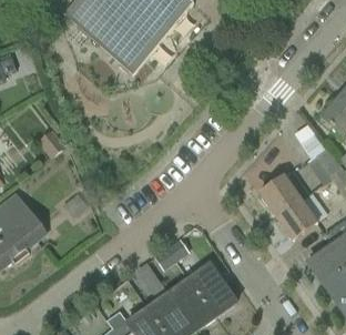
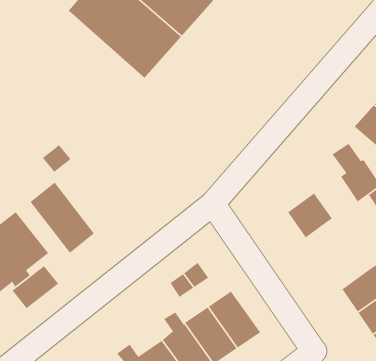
building: none -> [30,182,95,254]
building: [276,200,317,241] -> none
building: none -> [12,265,59,309]

